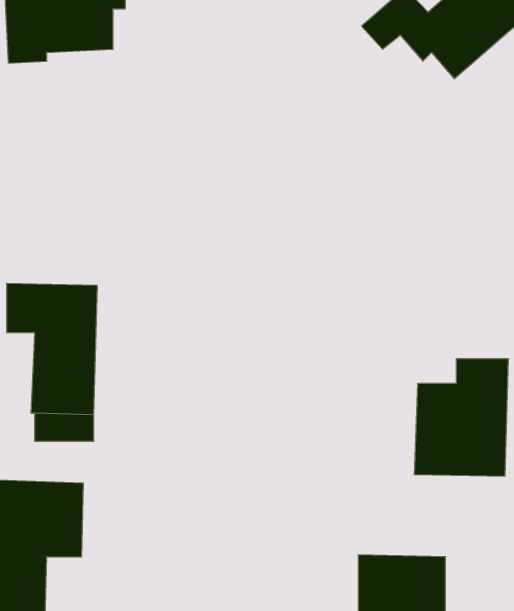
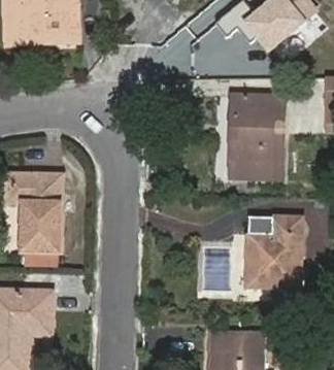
building: none -> [230,94,283,176]

